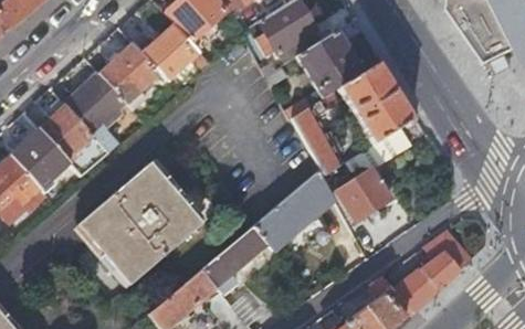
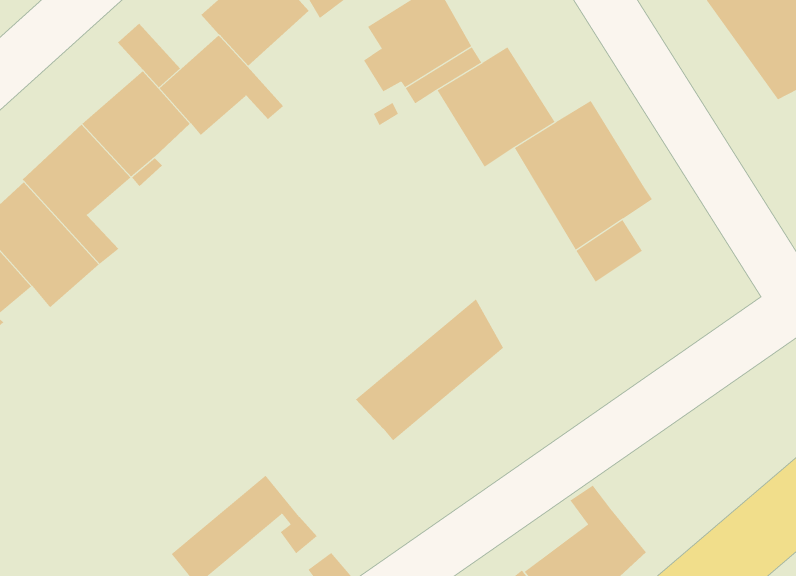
building: [291,98,342,174] -> none
building: [77,161,202,284] -> none
building: [335,168,389,220] -> none
building: [200,226,265,291] -> none
building: [392,229,471,311] -> none

